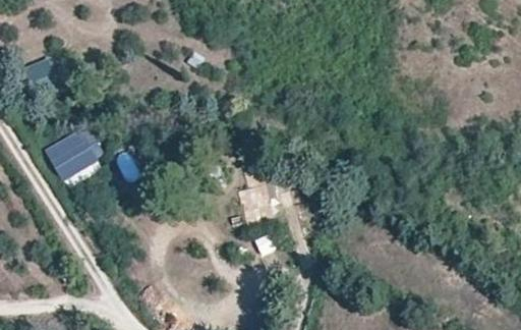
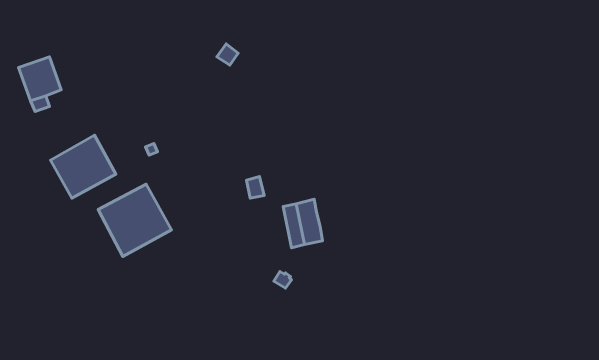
building: none -> [98,184,171,257]

